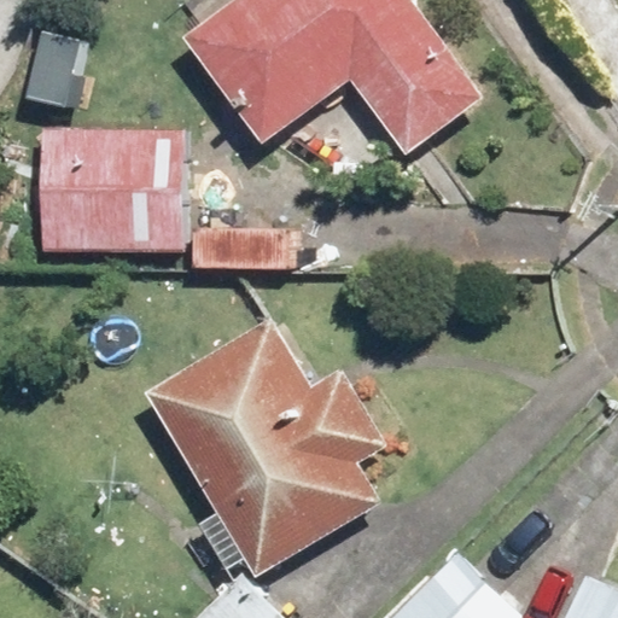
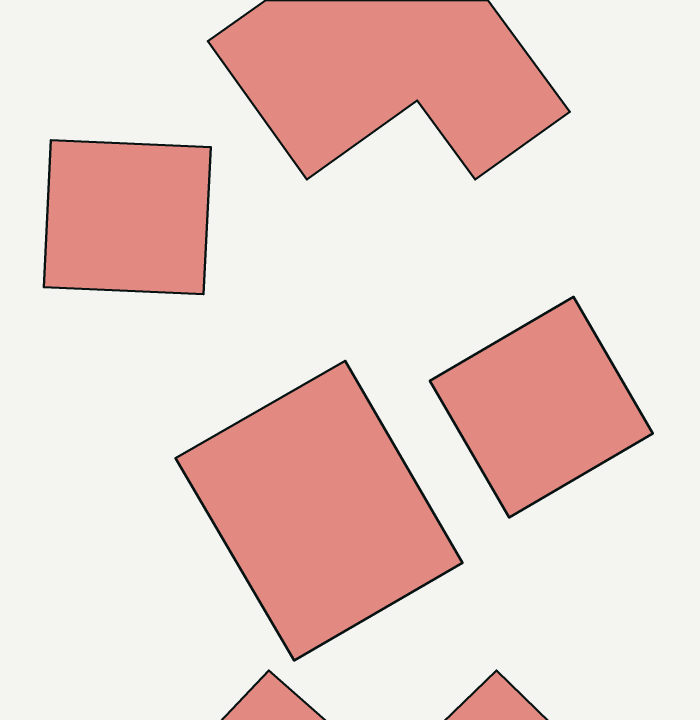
building: none -> [430,297,653,517]

